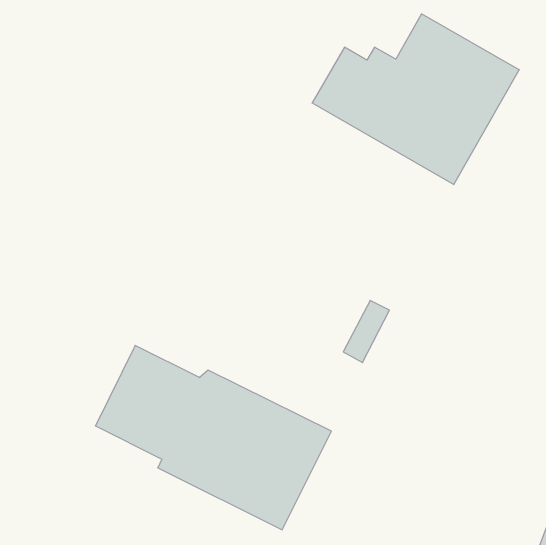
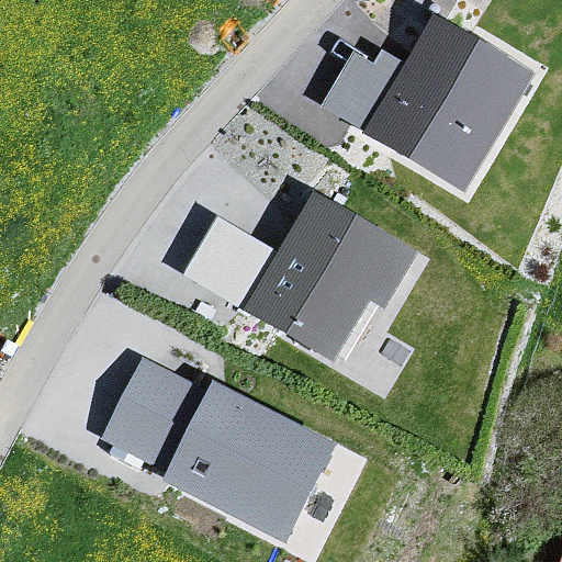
building: none -> [189,190,424,361]

